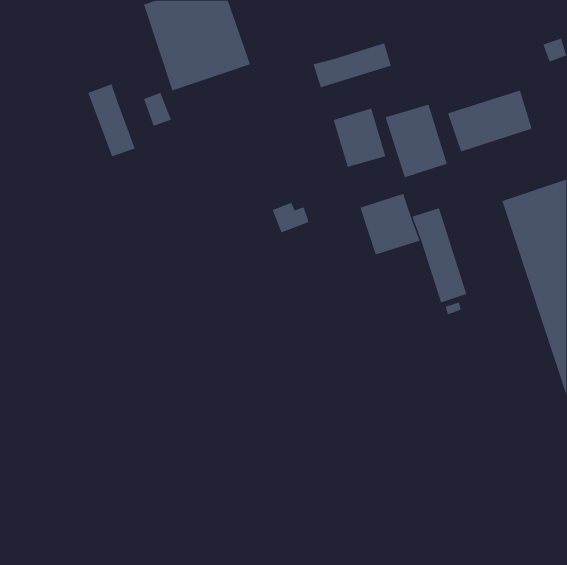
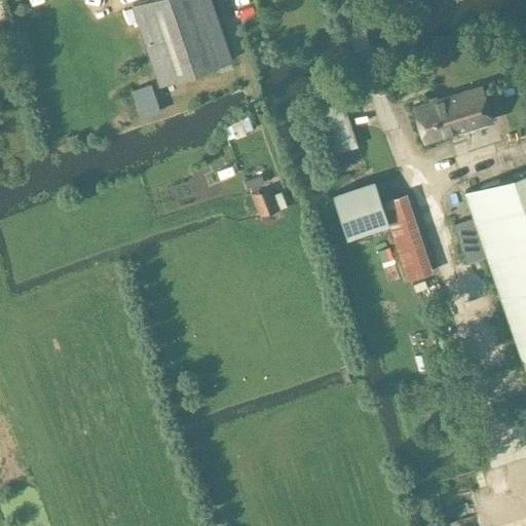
building: [313,43,392,88] -> none
building: [88,84,135,157] -> none
building: [385,104,448,178] -> none

